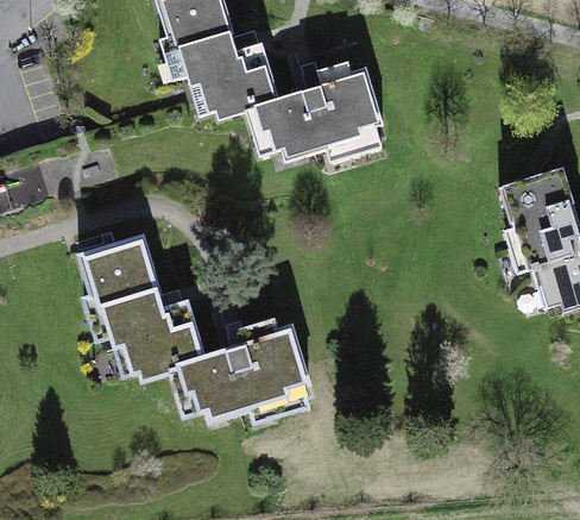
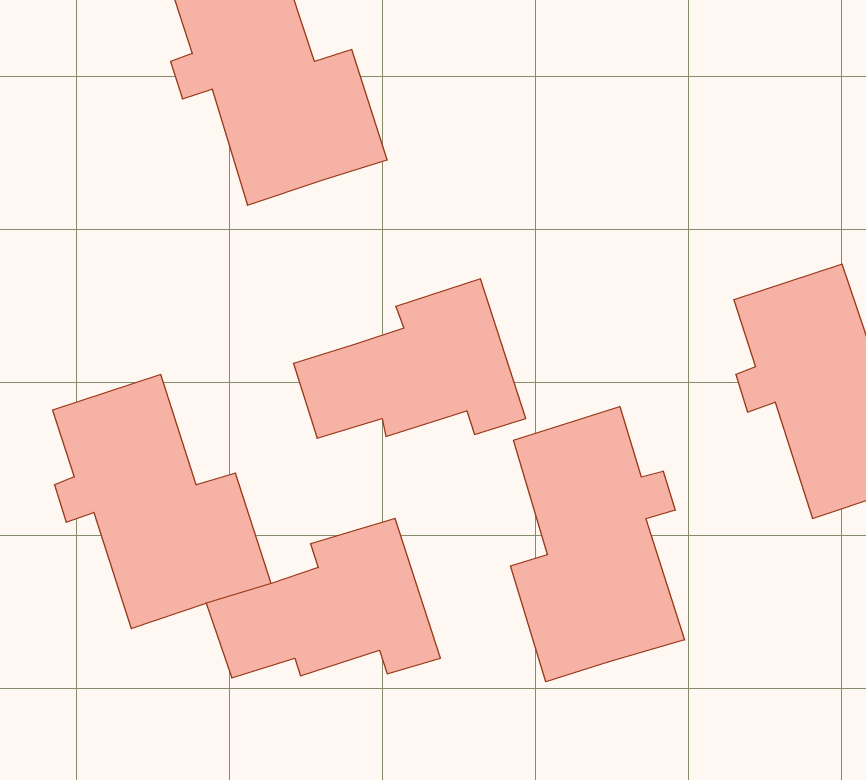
building: [246,62,386,158] -> [293,279,526,438]
building: none -> [511,406,685,682]

